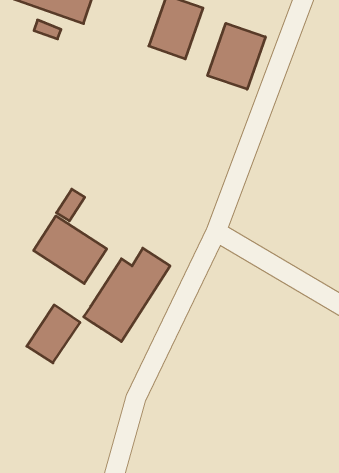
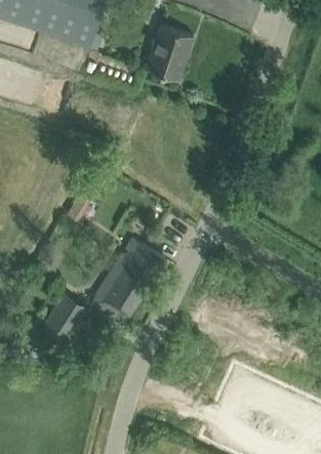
building: [208,23,265,89] -> none
building: [34,216,107,284] -> none

